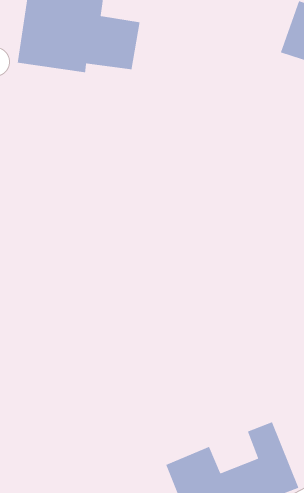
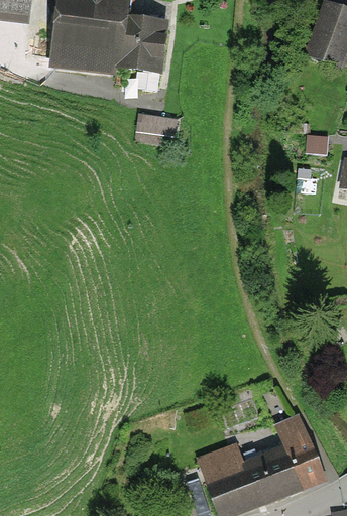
building: none -> [140,112,181,138]

